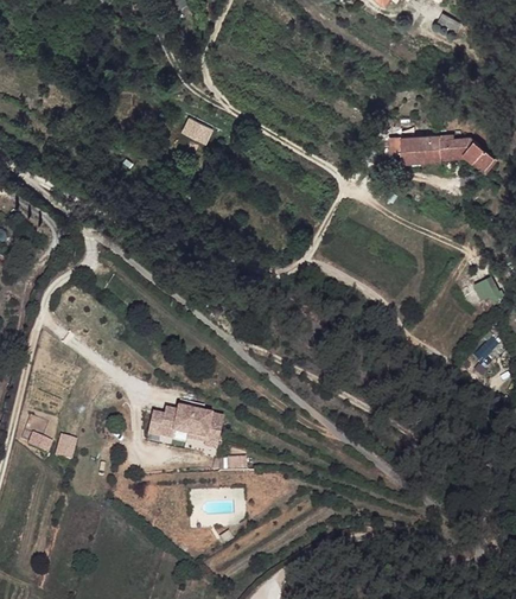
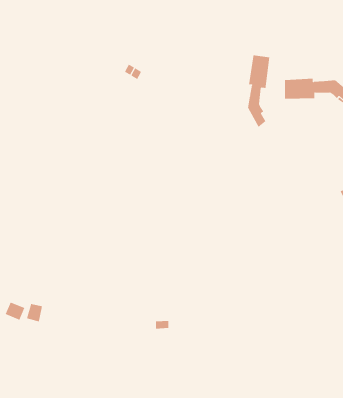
building: none -> [248,55,270,128]
building: [146,408,222,446] -> none

